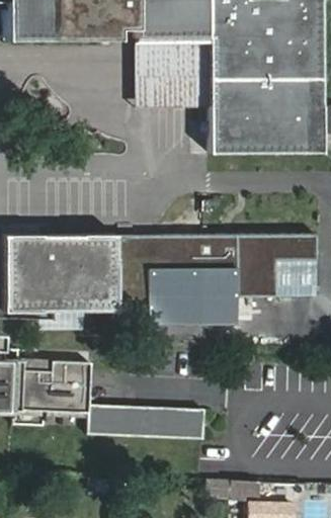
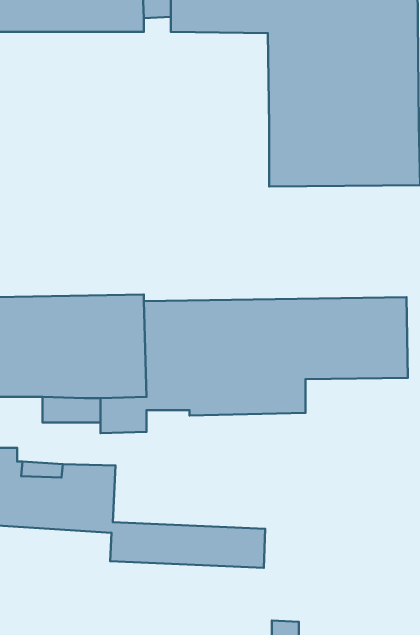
building: [136,35,210,106] -> none

